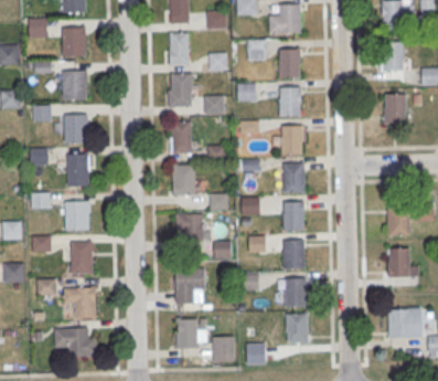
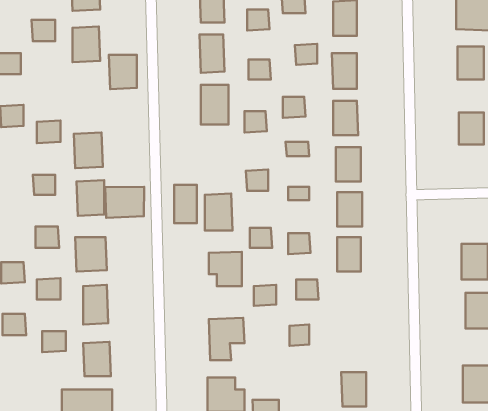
building: [62,71,85,99] -> [109,55,137,89]
building: [172,121,191,154] -> [174,185,197,223]
building: none -> [105,187,144,218]
building: [282,240,303,268] -> none
building: [285,277,305,307] -> none

